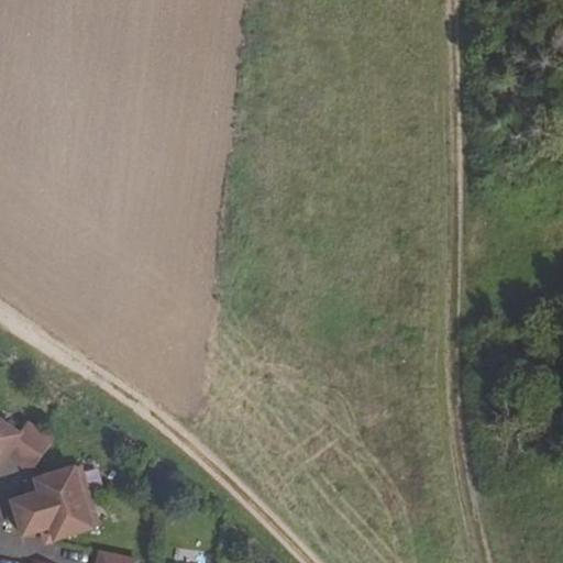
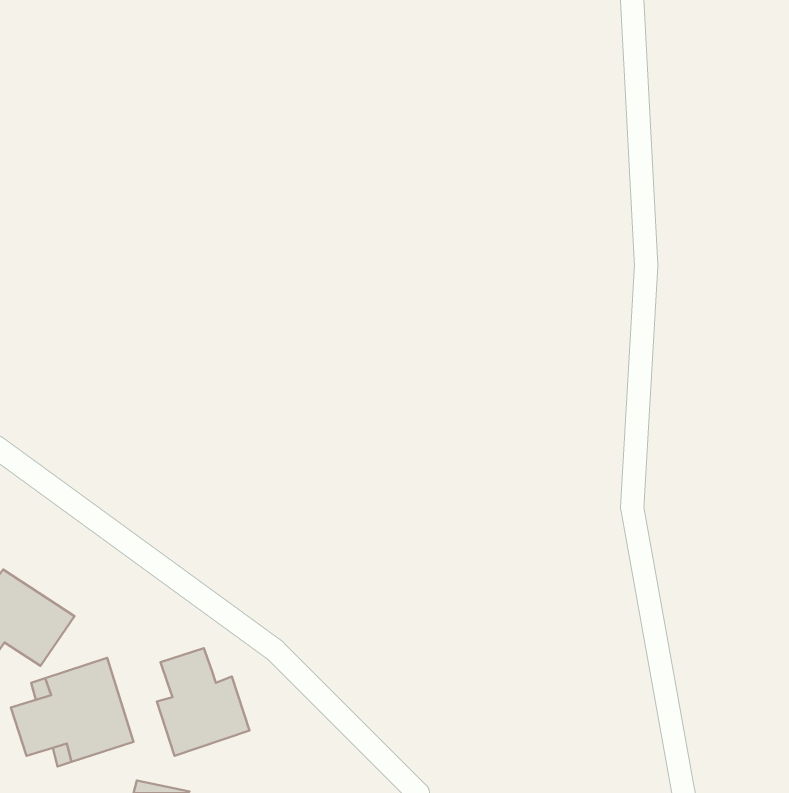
building: none -> [157,648,249,756]

